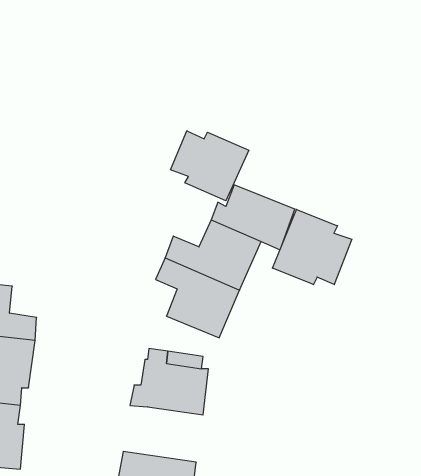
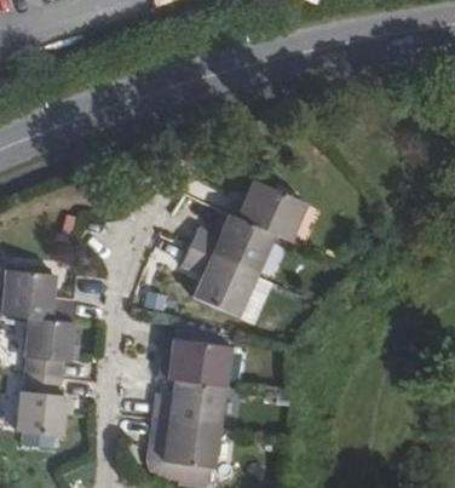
building: [170,131,249,201] -> none
building: [272,209,352,285] -> none
building: none -> [154,380,225,430]

